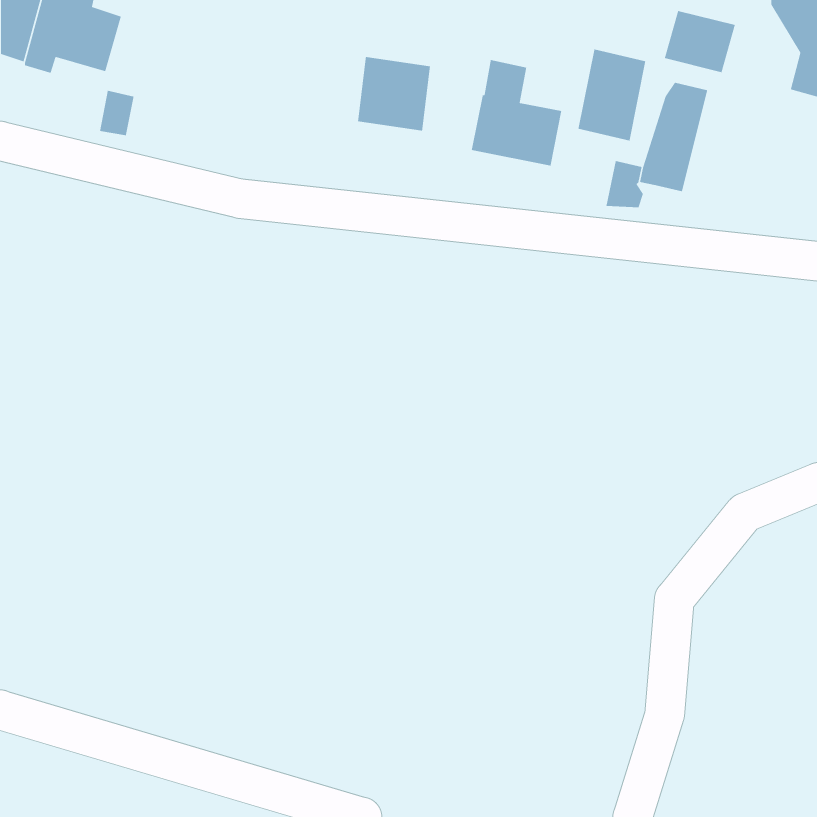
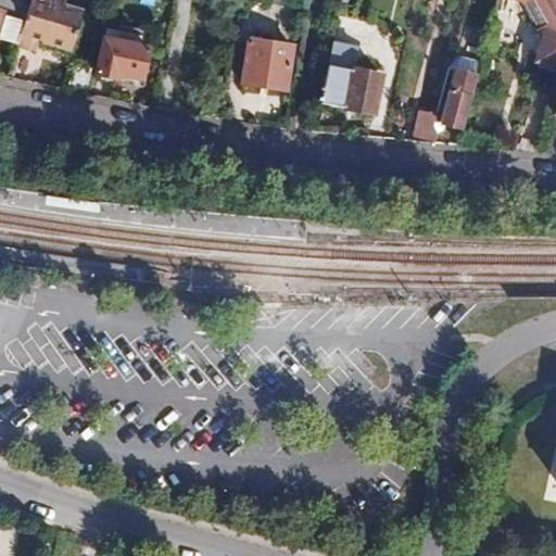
building: [664,10,736,73] -> none
building: [578,48,646,142] -> none
building: none -> [96,37,149,79]

